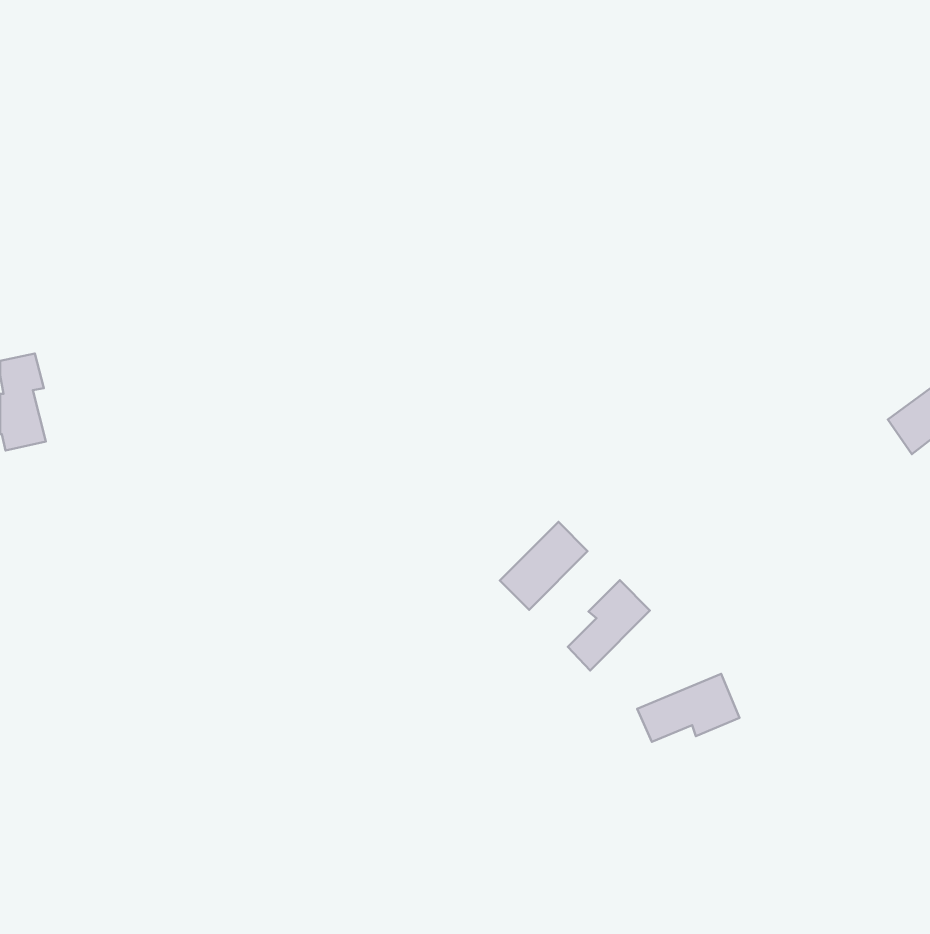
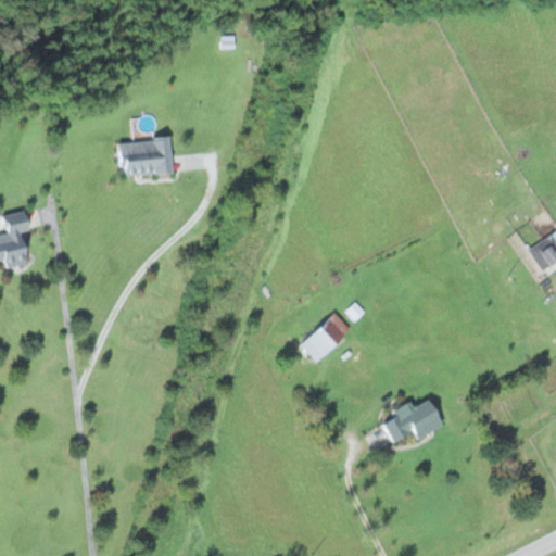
building: none -> [119,139,173,176]
building: [568,580,650,670] -> none

